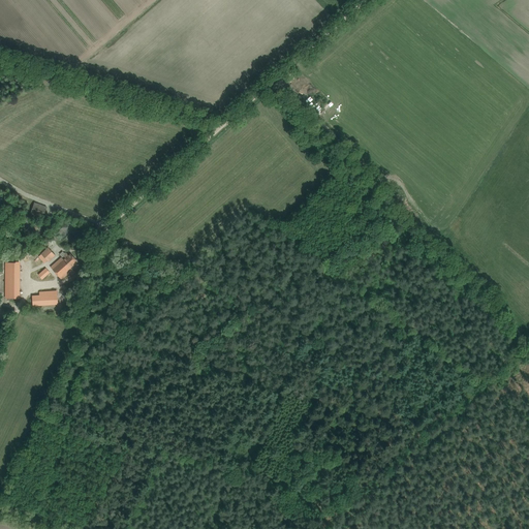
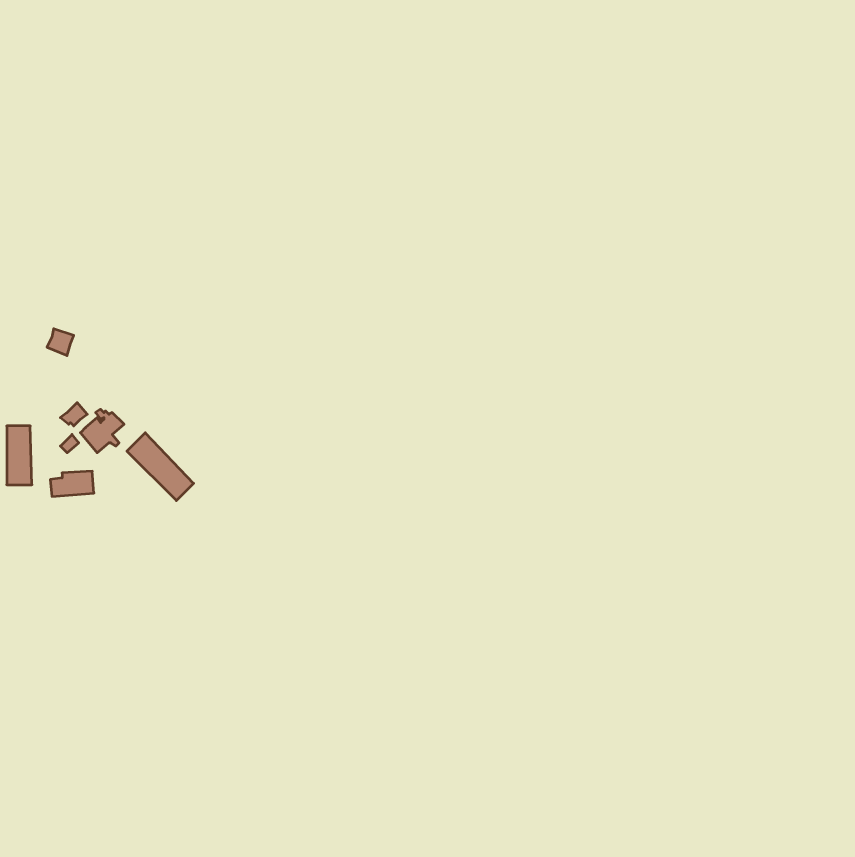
building: none -> [127,433,194,501]

